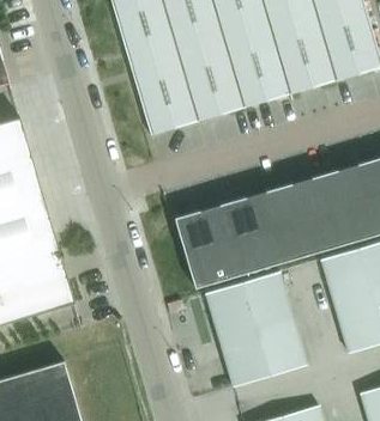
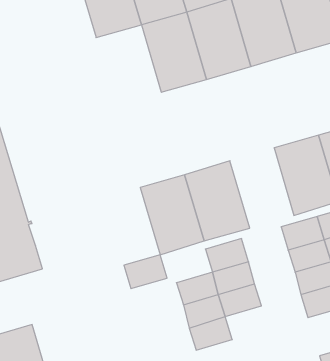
building: [129,51,197,135] -> none
building: [267,178,333,261] -> none
building: [205,282,249,317] -> [124,255,167,289]
building: [263,341,307,376] -> none

